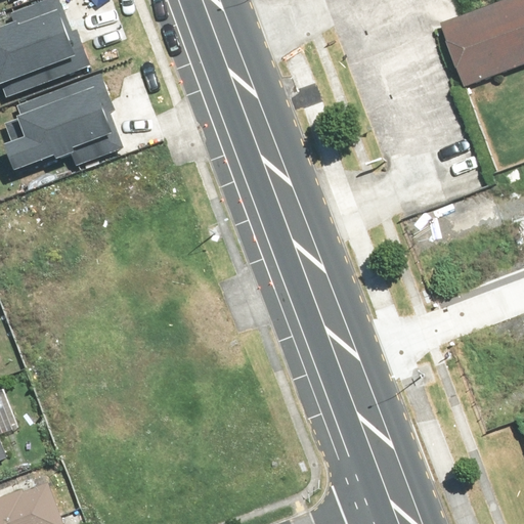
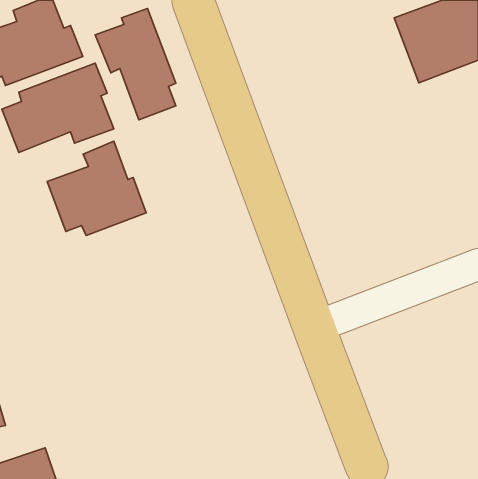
building: none -> [95,9,176,120]
building: none -> [47,141,146,236]

